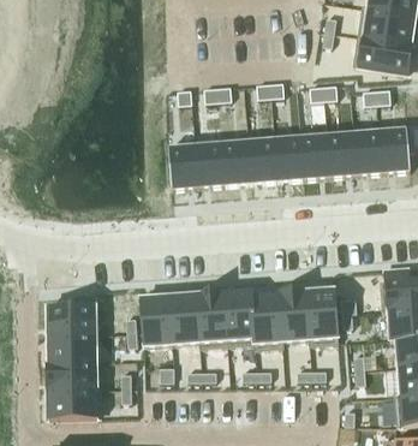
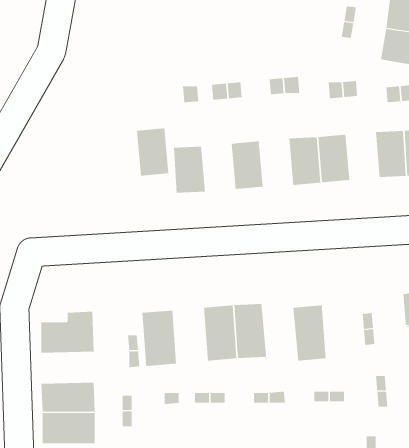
building: [327,132,357,177] -> none
building: [247,138,277,183] -> none
building: [195,143,225,188] -> [136,128,169,176]
building: [250,289,282,344] -> none
building: [305,289,338,340] -> none
building: [168,293,199,345] -> none
building: [47,334,96,363] -> none

